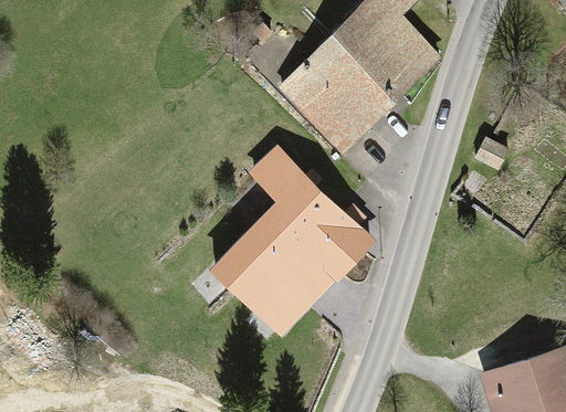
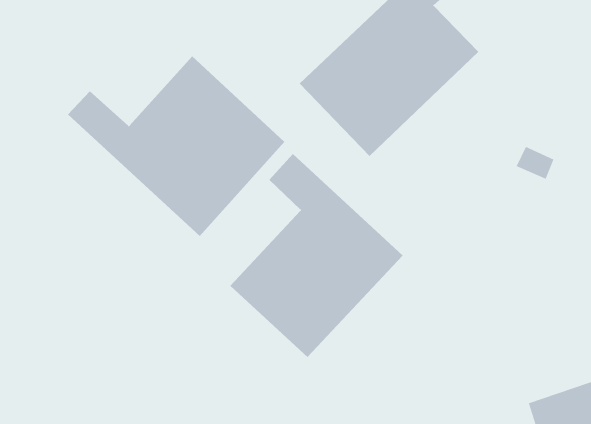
building: none -> [67,56,285,237]

